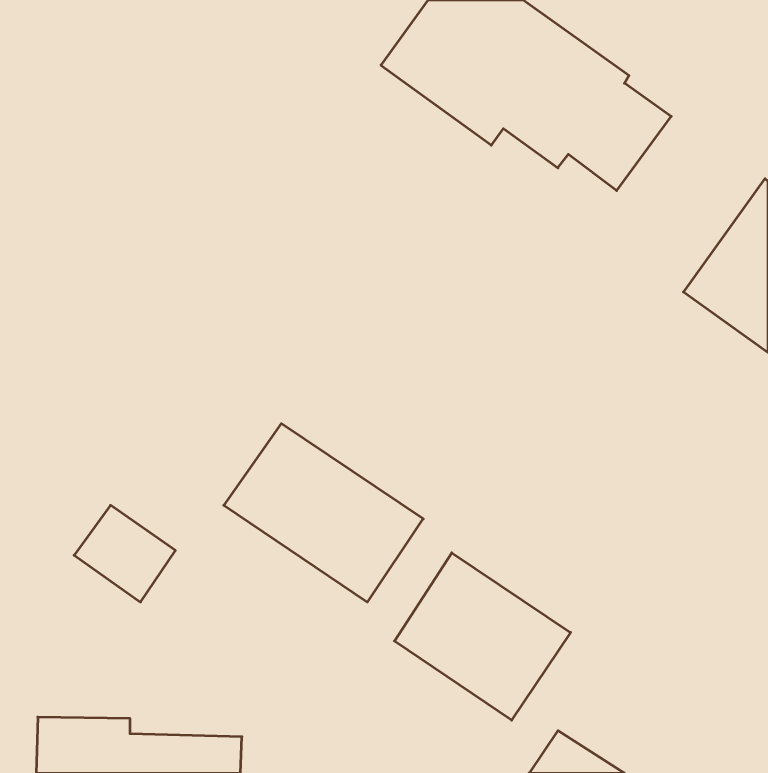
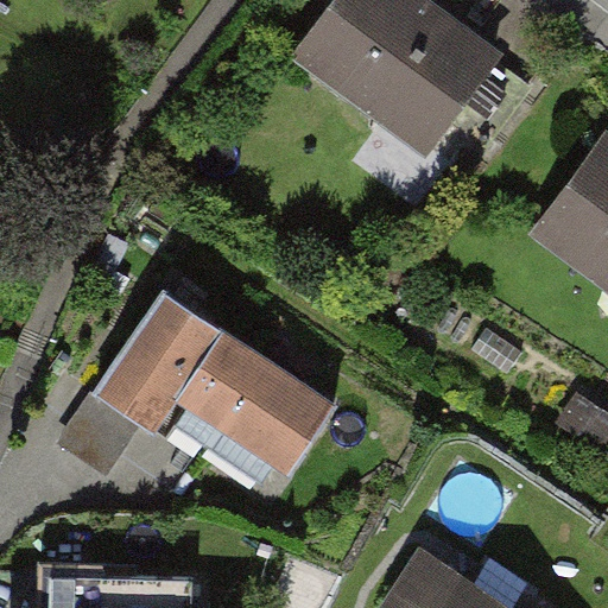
building: none -> [93,292,221,432]
building: [394,553,571,720] -> none

